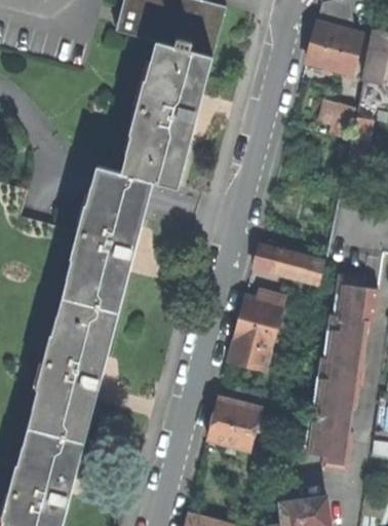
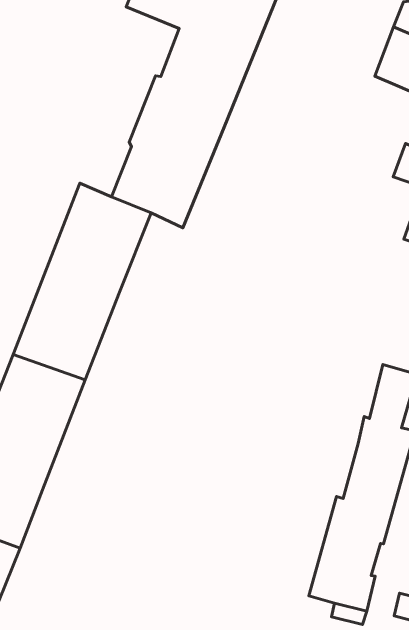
building: [253,243,322,281] -> none
building: [226,294,282,370] -> none
building: [207,384,264,448] -> none

